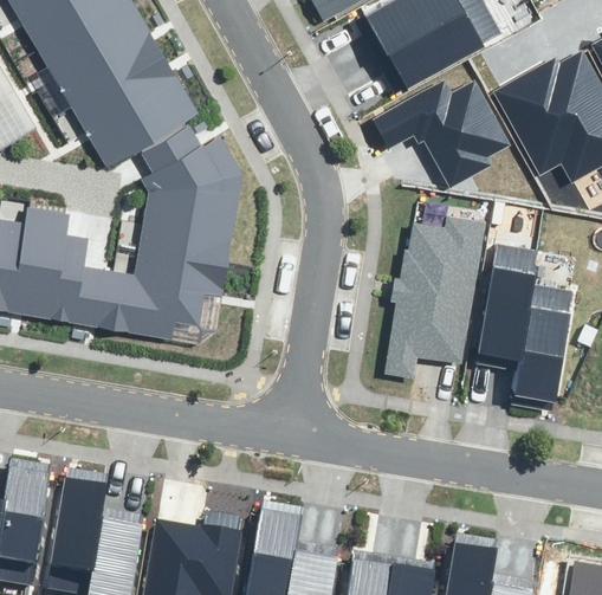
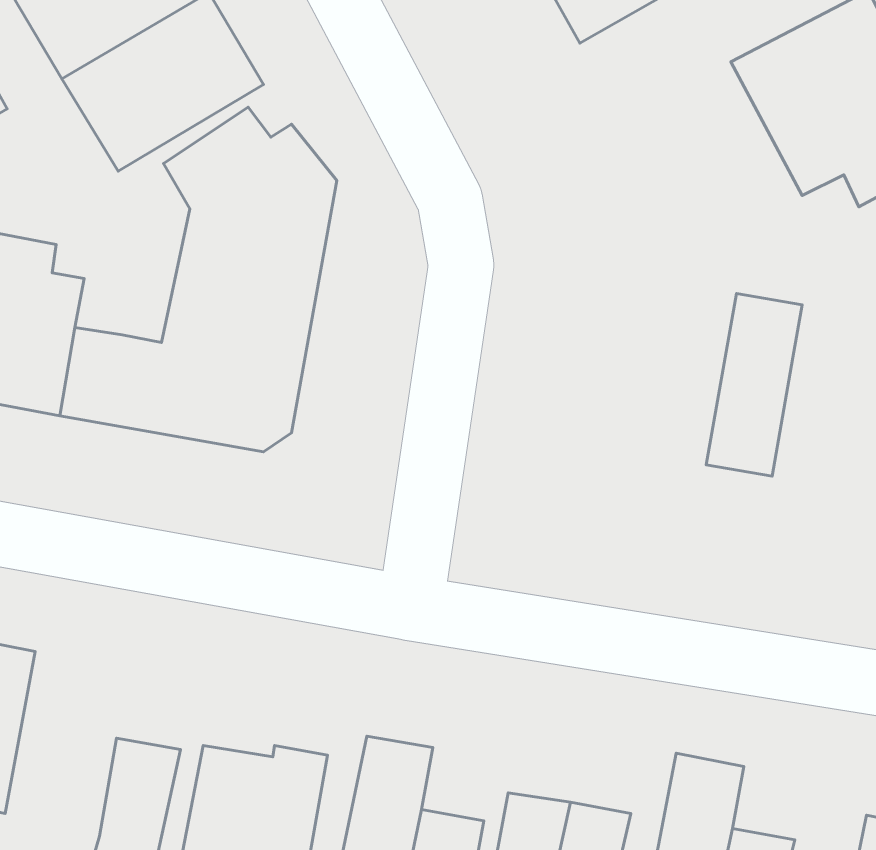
building: [374,84,511,196] -> none
building: [371,208,472,373] -> none
building: [513,282,571,394] -> none
building: [53,473,115,582] -> none

